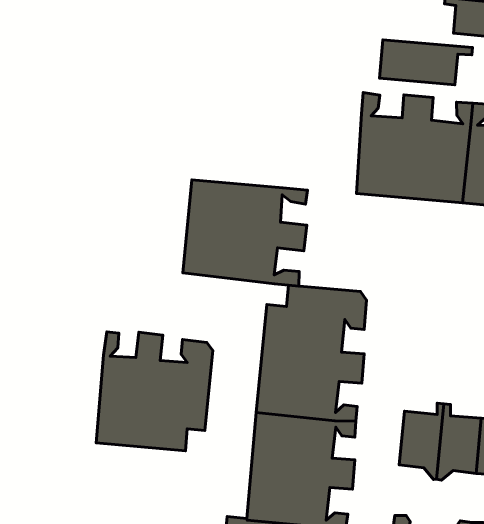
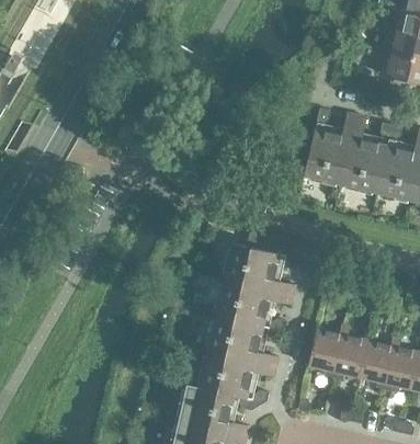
building: [379,40,472,85] -> none
building: [183,180,308,286] -> none
building: [96,332,213,451] -> none

